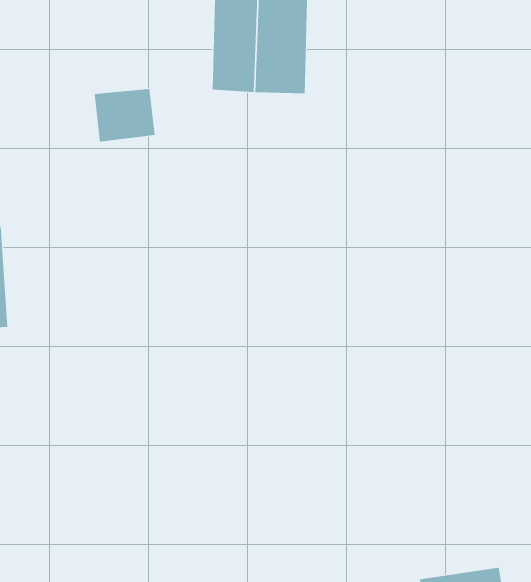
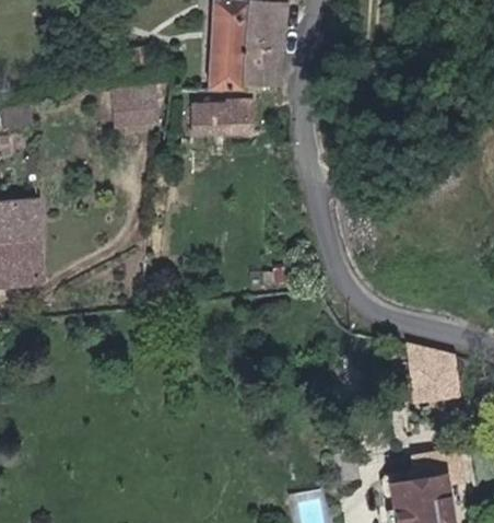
building: none -> [191,100,257,139]
building: none -> [404,348,450,400]

